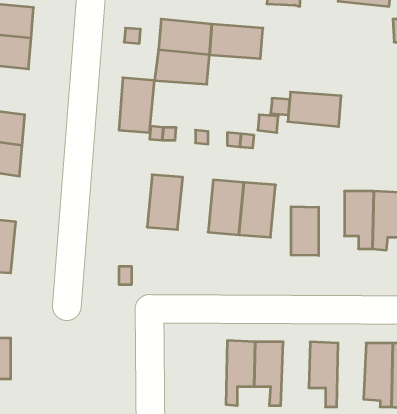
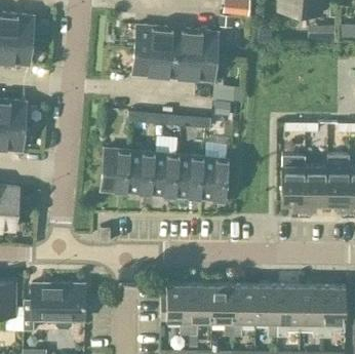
building: [119,78,155,133] -> [101,149,129,193]
building: [288,92,341,127] -> [173,54,216,82]
building: none -> [150,153,179,197]
building: [291,207,319,256] -> none
building: none -> [23,282,84,330]
building: none -> [161,284,190,336]
building: none -> [233,285,257,337]
building: none -> [278,286,302,338]

